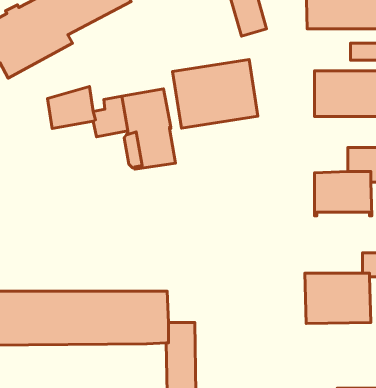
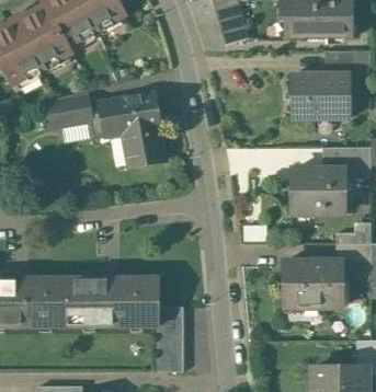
building: [173,60,258,128] -> none

